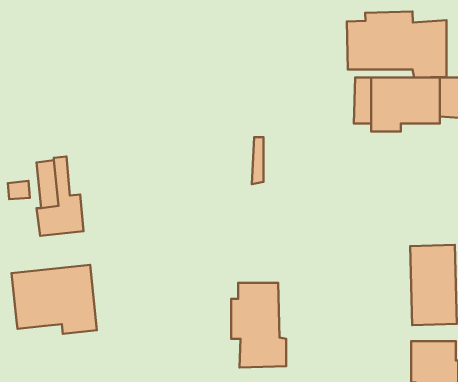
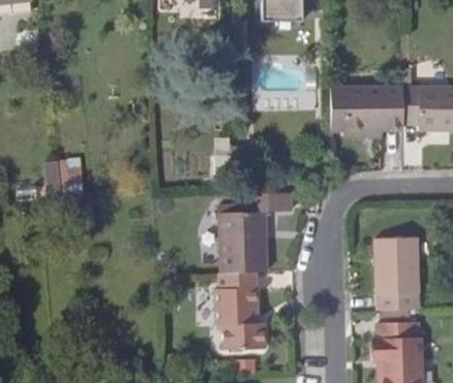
building: [347,12,446,78] -> none
building: none -> [221,193,293,273]
building: [12,265,97,334] -> none

